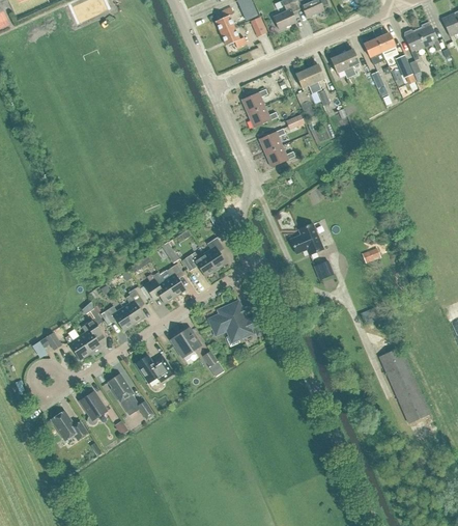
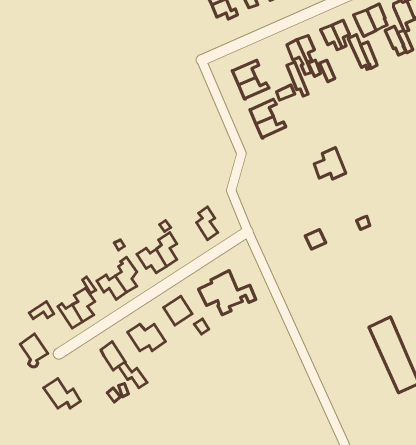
building: [291,222,323,254] -> [314,147,346,179]
building: [182,251,217,276] -> none
building: [80,390,108,423] -> [20,334,48,367]

